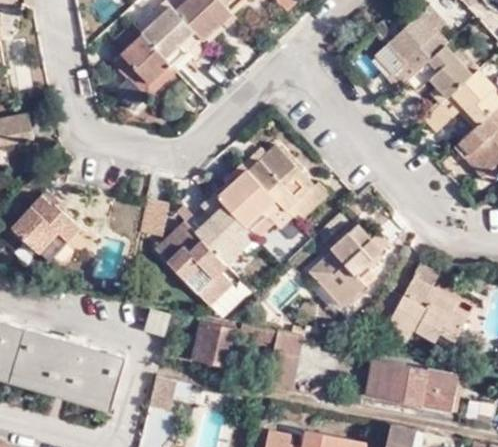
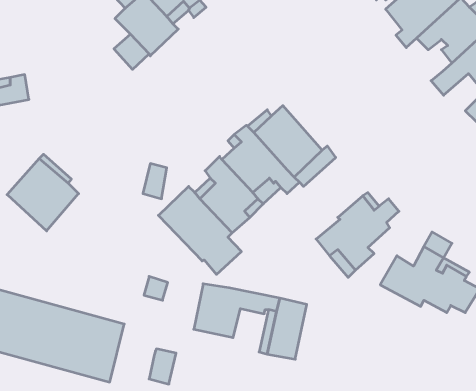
building: [364,359,455,413] -> none

